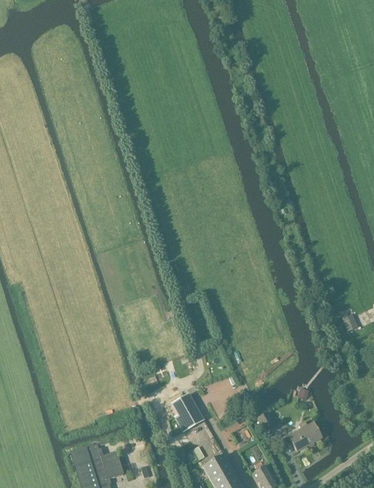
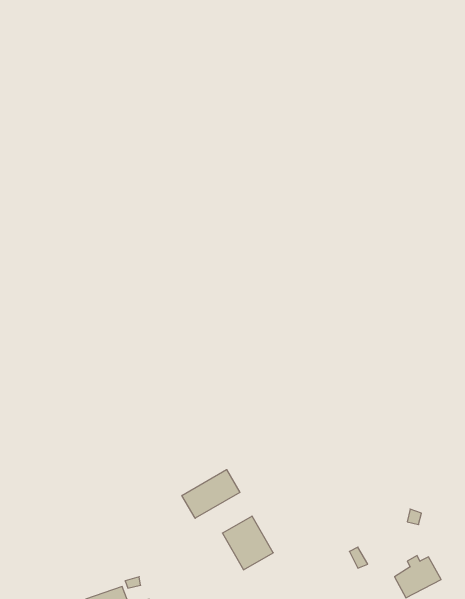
building: none -> [182,470,240,518]

